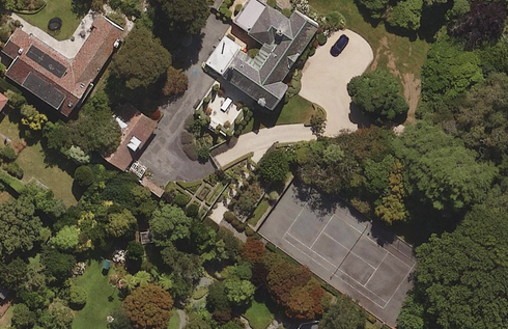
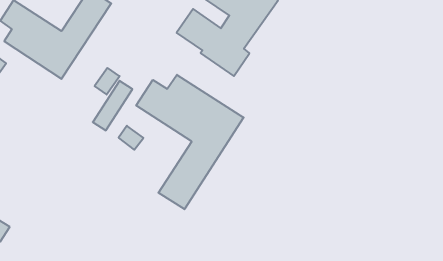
building: none -> [136,75,244,209]

